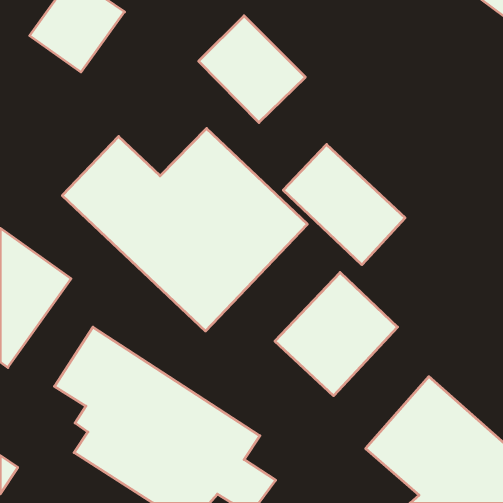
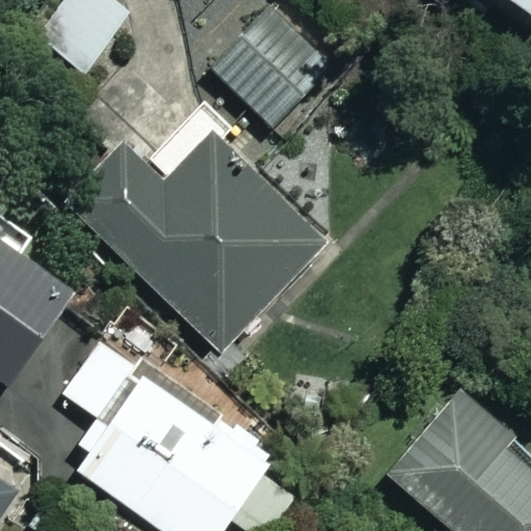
building: [283,144,405,265] -> none
building: [275,272,398,396] -> none

